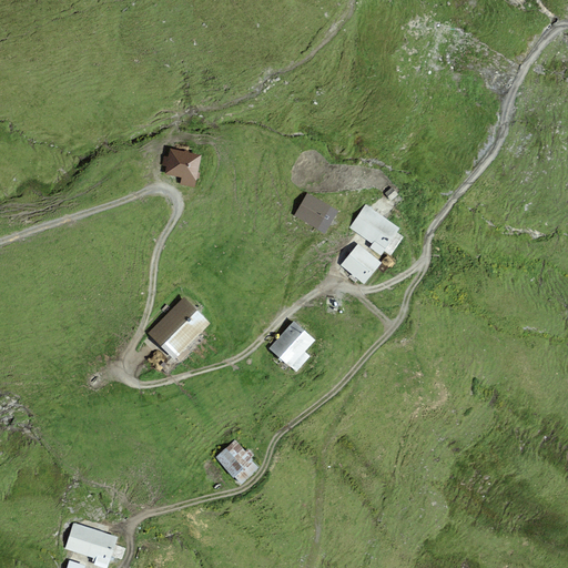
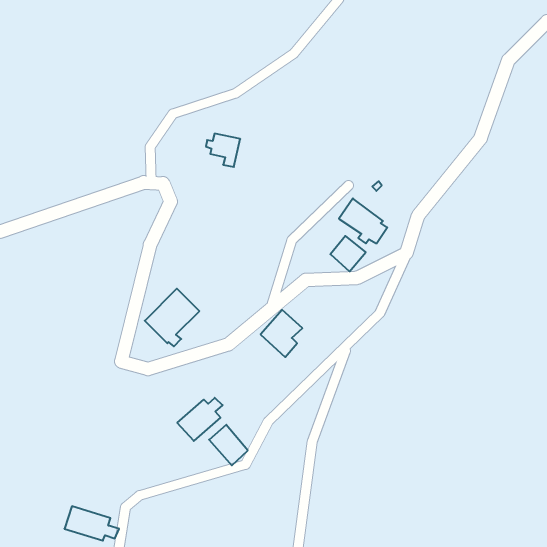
building: [162,150,197,184] -> [206,134,240,167]
building: [294,193,335,230] -> none
building: none -> [177,398,223,441]

